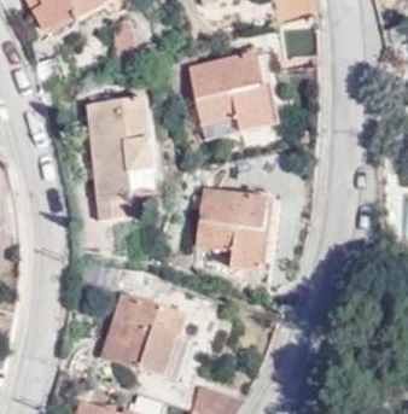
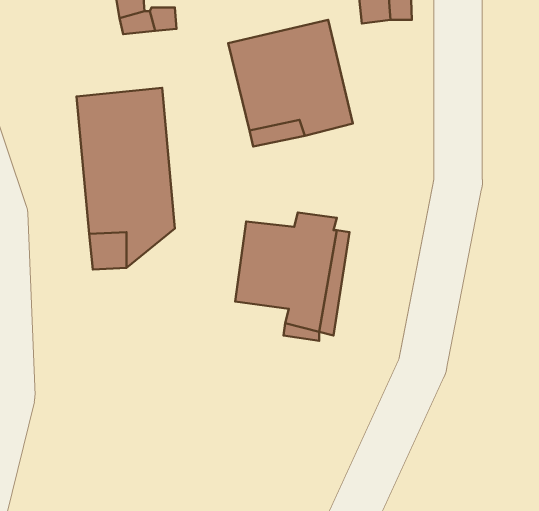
building: [98,291,186,375] -> none

